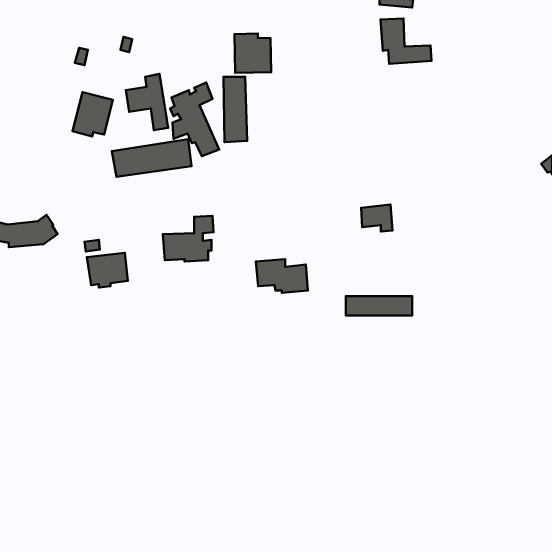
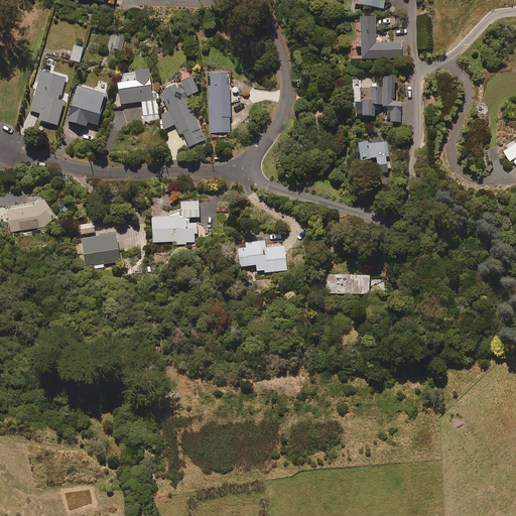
building: [235,33,271,73] -> none
building: none -> [28,71,64,125]
building: none -> [354,77,400,122]
building: [112,139,192,177] -> none
building: [361,204,393,232] -> [359,140,388,165]

